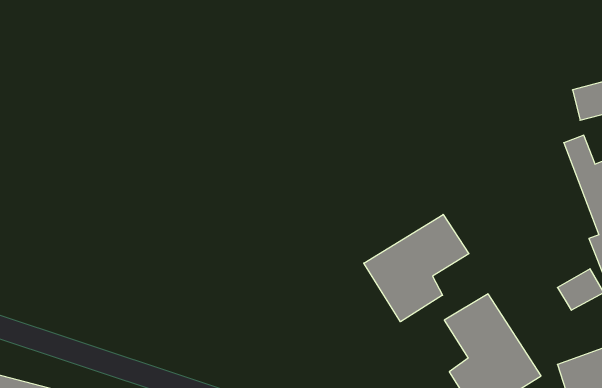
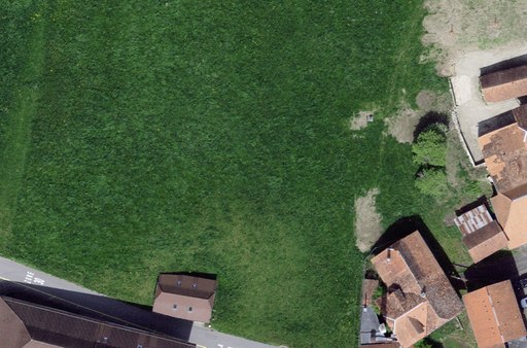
building: [364,214,469,322] -> none
building: none -> [154,275,210,315]

